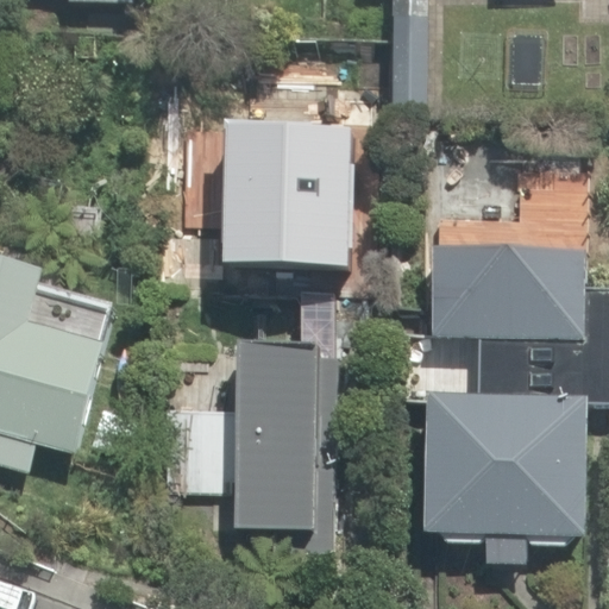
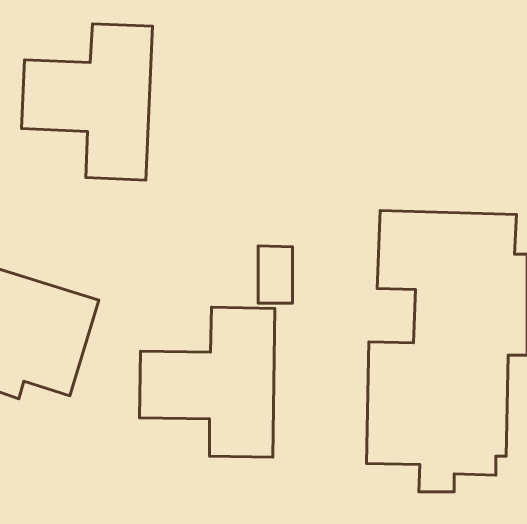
building: none -> [22,24,152,180]
building: [222,133,373,272] -> none

